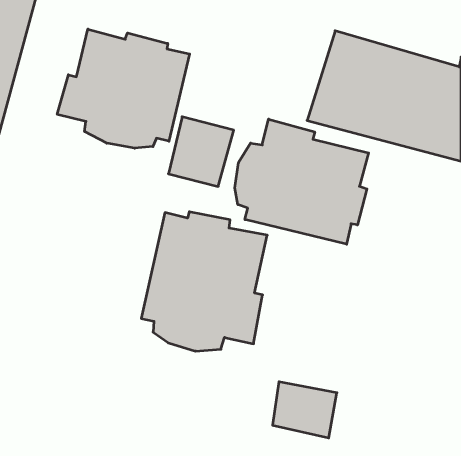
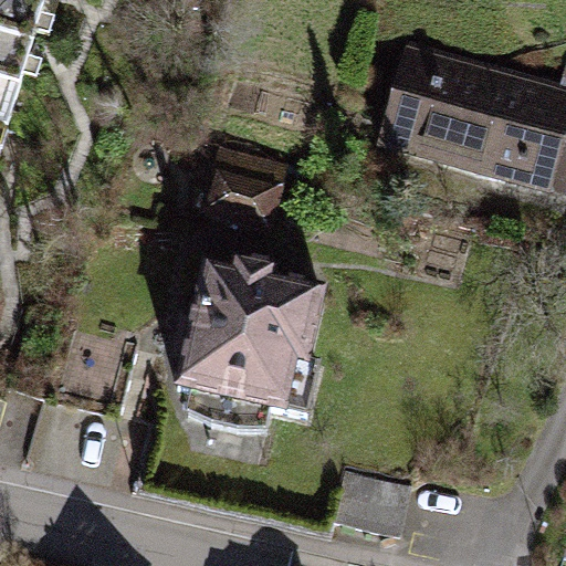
building: [57,29,190,148] -> none
building: [235,119,369,244] -> none

